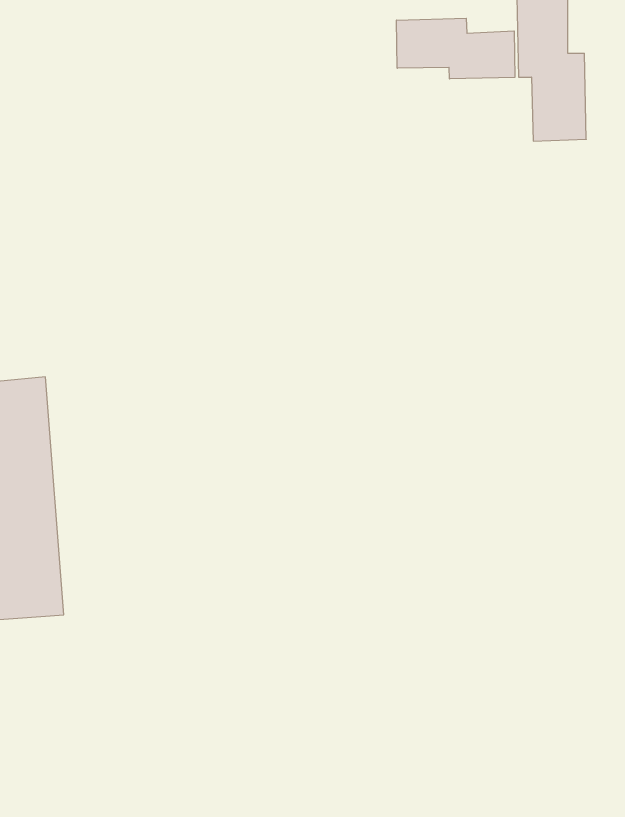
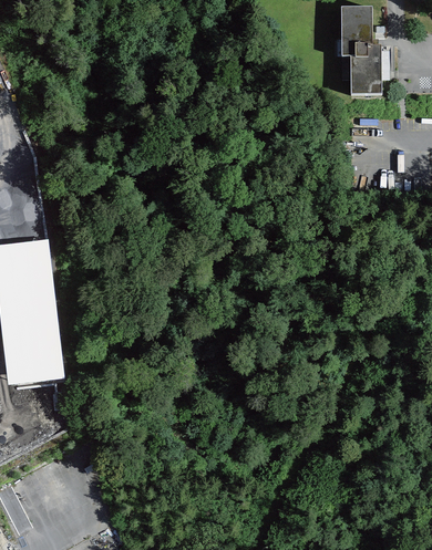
building: [397,18,515,79] -> none

